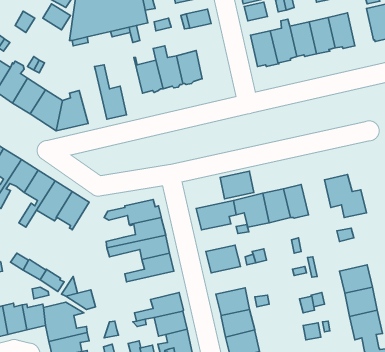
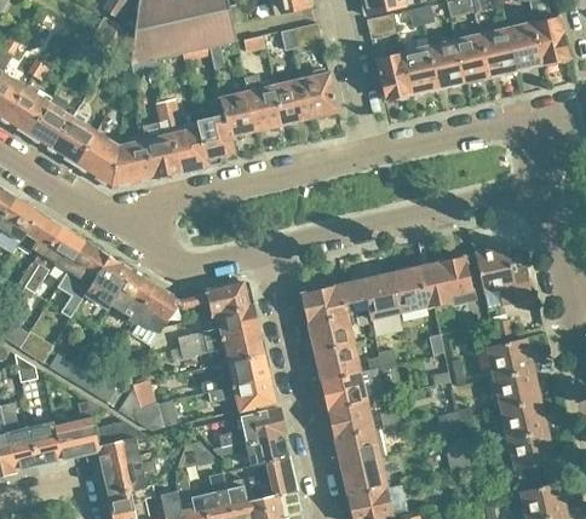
building: none -> [506,22,541,73]
building: none -> [300,73,337,117]
building: none -> [196,88,231,166]
building: none -> [142,105,179,178]
building: [220,171,254,199] -> [308,313,354,351]
building: none -> [443,255,475,305]
building: none -> [132,284,179,329]
building: none -> [488,338,533,377]
building: none -> [321,371,367,409]
building: none -> [206,377,275,410]

